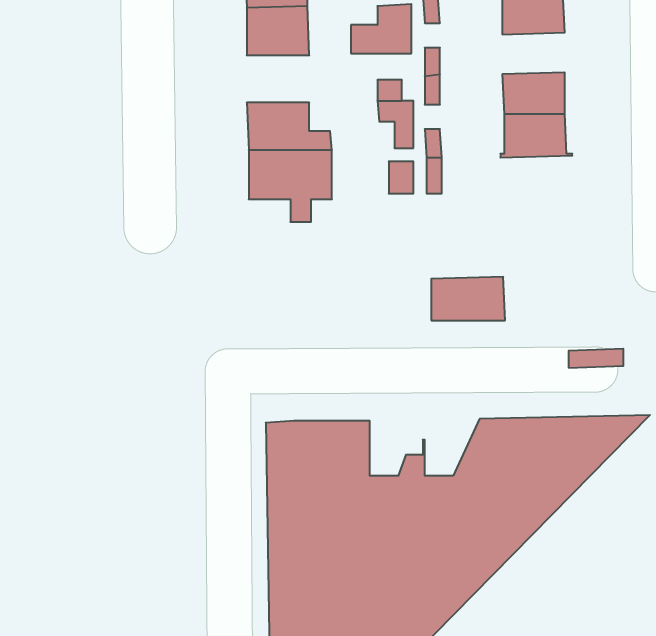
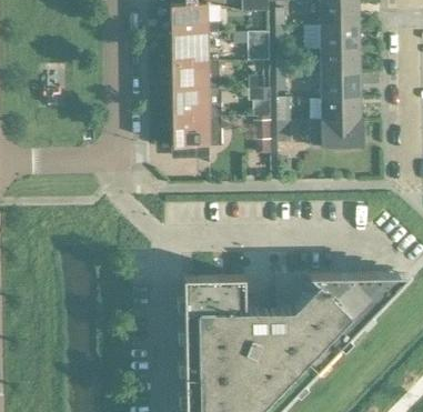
building: none -> [322,47,359,71]
building: none -> [172,60,209,88]
building: [431,277,505,320] -> [321,119,364,144]

